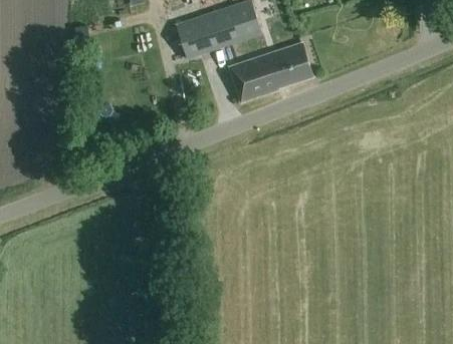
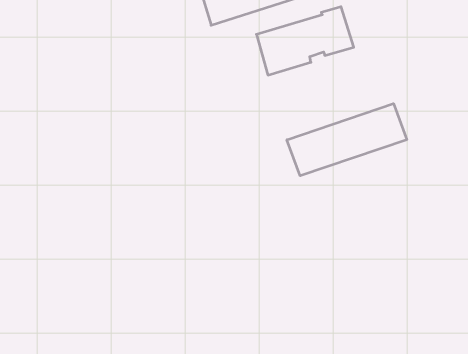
building: none -> [287,104,407,176]

